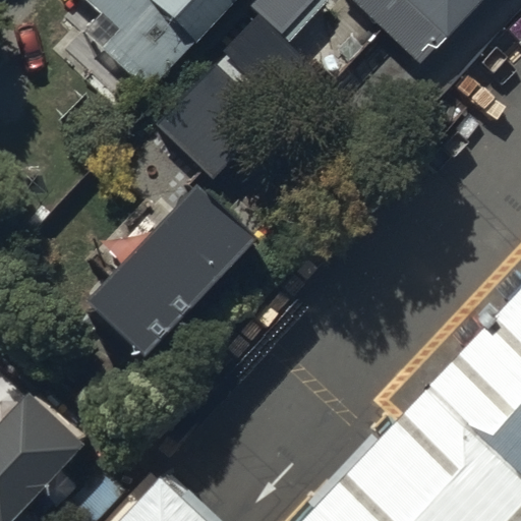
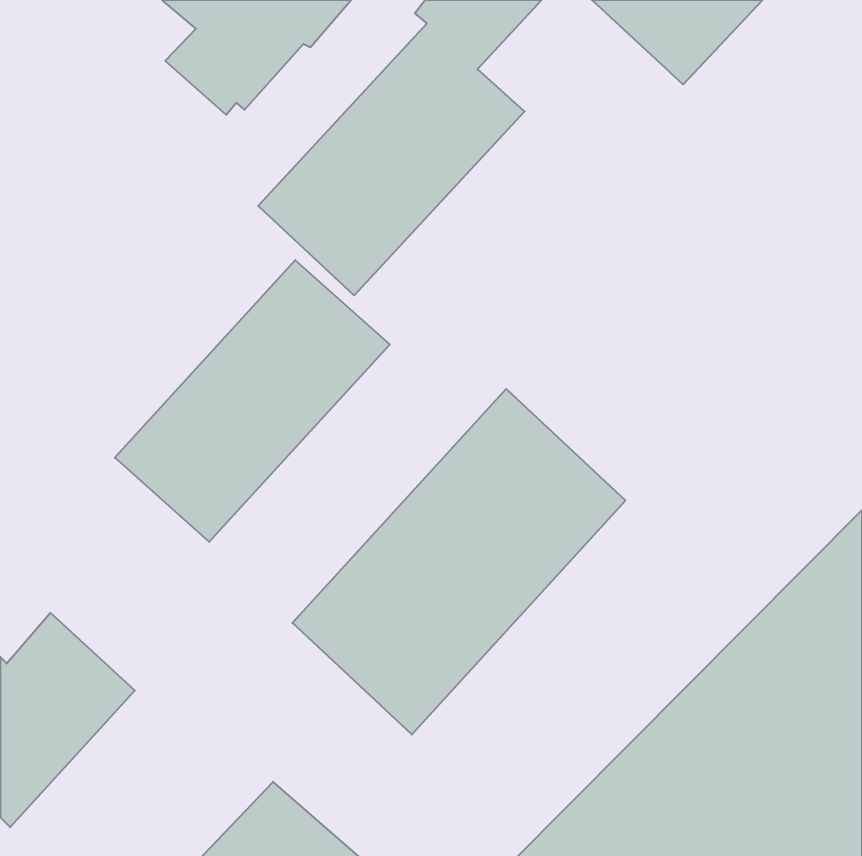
building: none -> [292,389,625,735]

